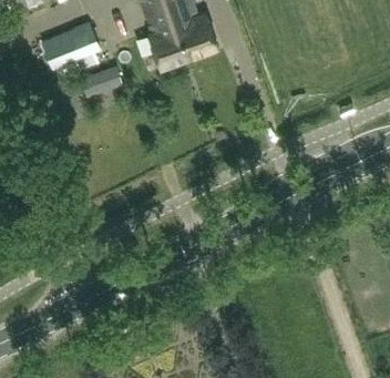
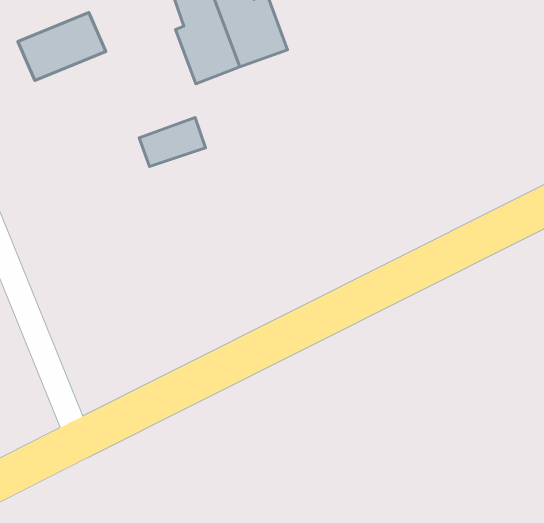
building: [80,64,123,96] -> [139,117,205,167]

